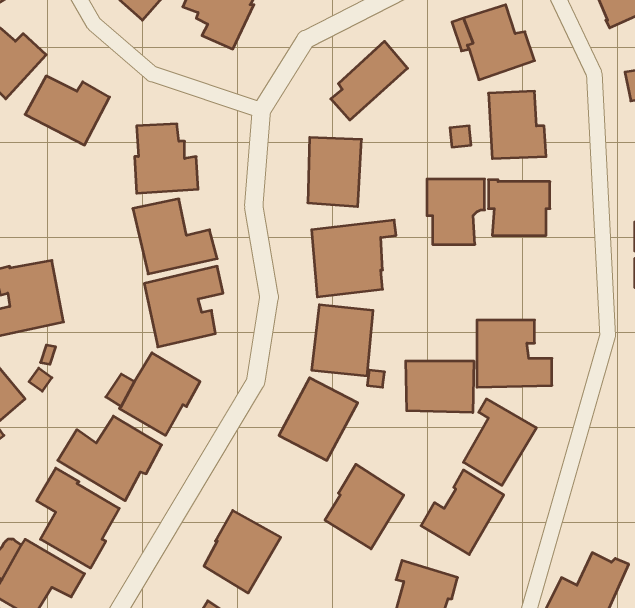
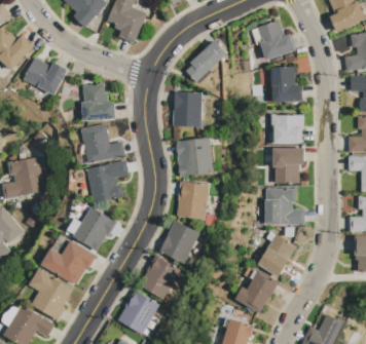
building: [427,179,485,244] -> [272,147,303,182]
building: [406,361,474,413] -> none
building: [325,464,404,549] -> [139,254,181,299]

